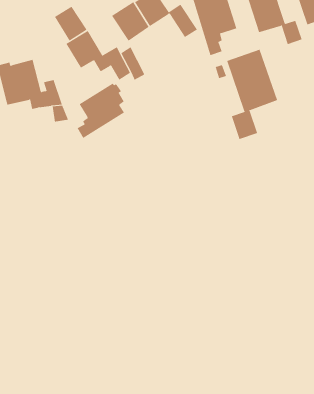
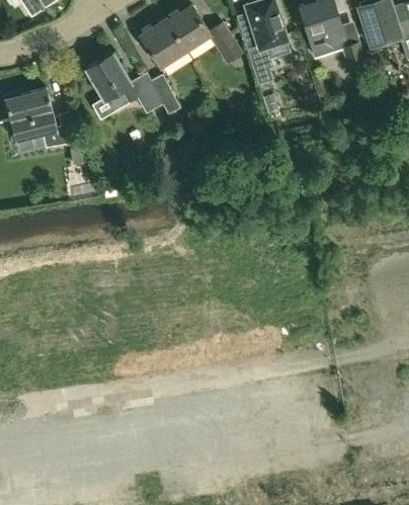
building: [54,6,87,41] -> none
building: [227,49,278,140] -> none
building: [77,83,125,139] -> none

